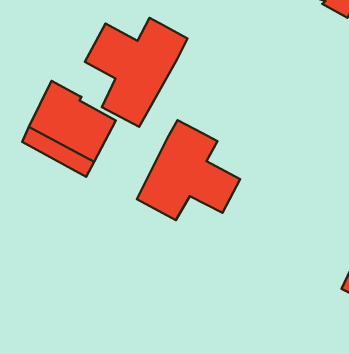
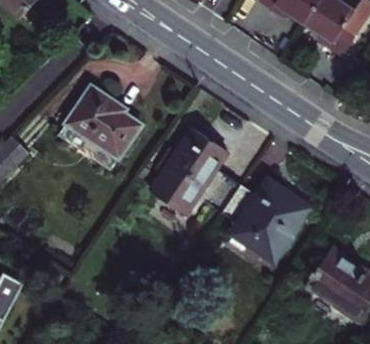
building: [85,18,187,127] -> none
building: none -> [221,176,312,260]

